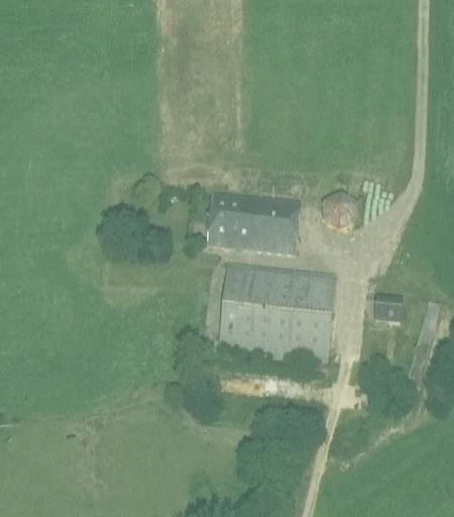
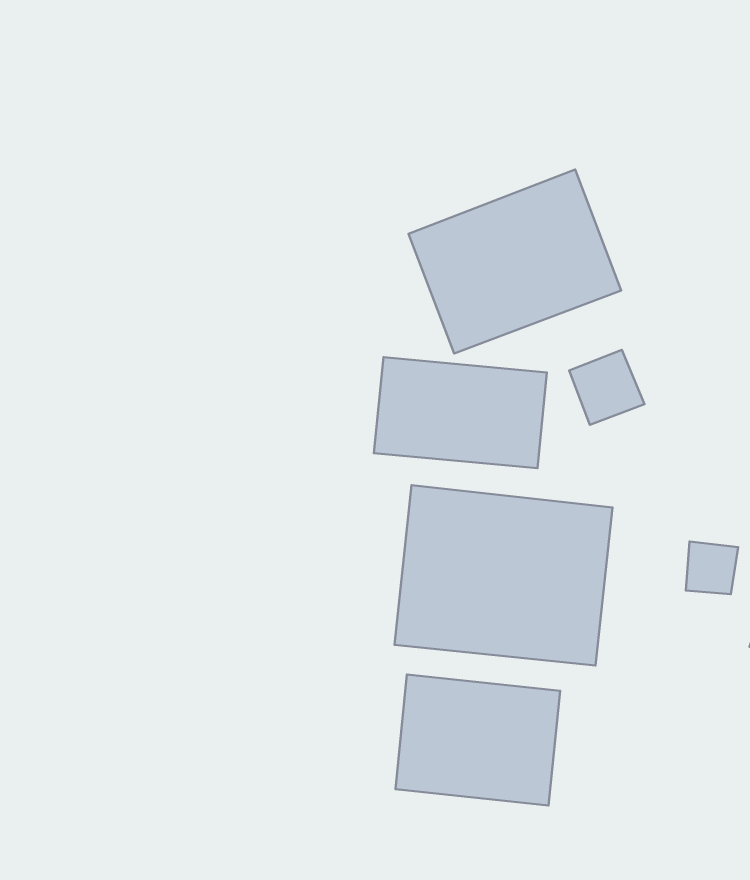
building: none -> [408,169,621,353]
building: none -> [395,674,560,805]

